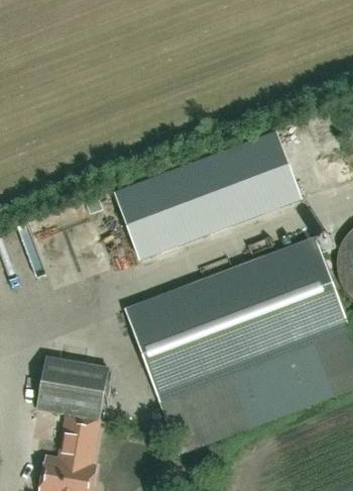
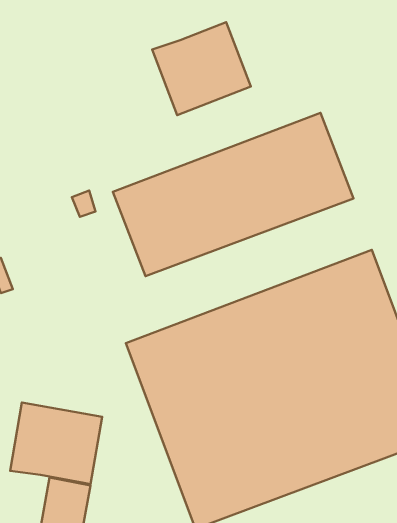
building: none -> [152,22,251,115]

